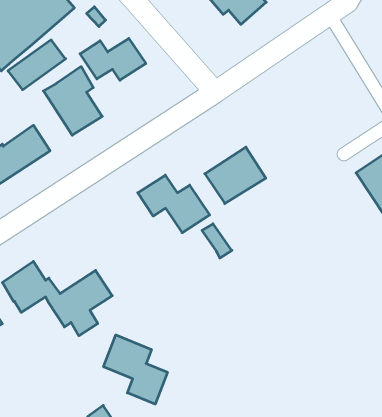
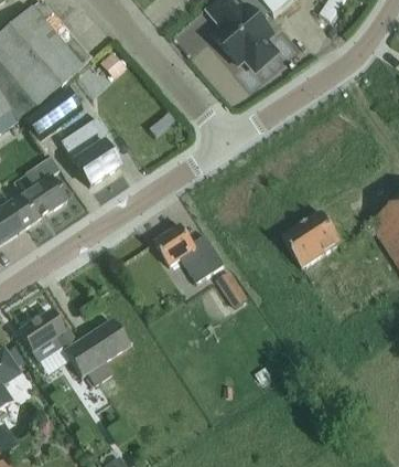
building: [80,38,146,80] -> none
building: [205,147,266,204] -> [281,211,342,267]
building: [104,335,167,404] -> none

